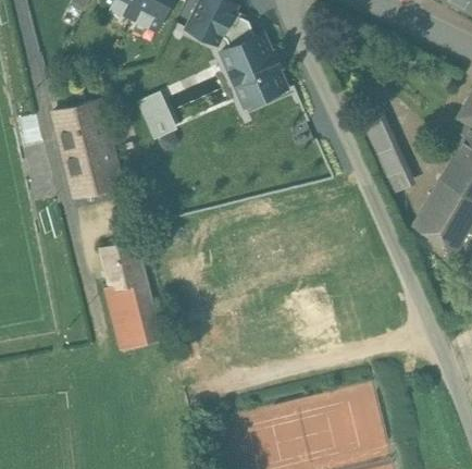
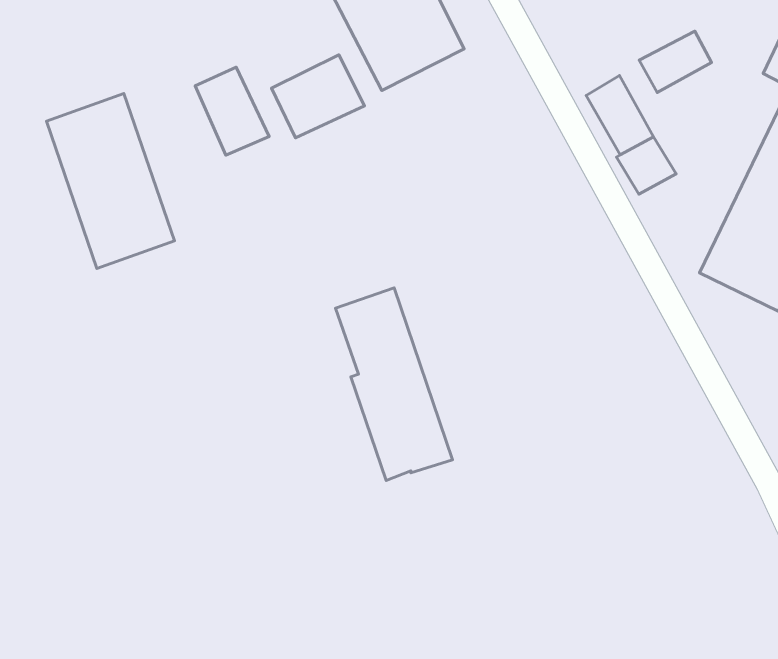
building: none -> [271,55,365,138]
building: none -> [639,31,712,93]
building: [101,240,160,348] -> [336,288,453,481]

